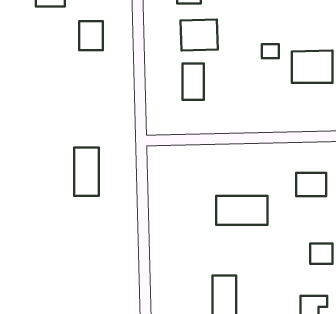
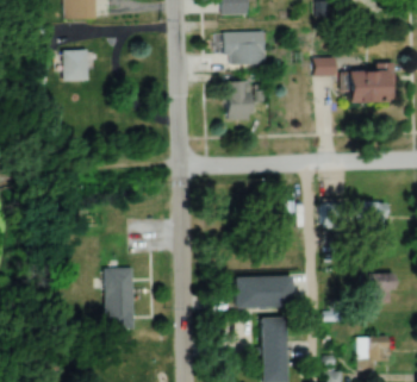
building: [79,21,103,50] -> [63,51,89,83]
building: [74,148,99,196] -> [106,268,133,321]
building: [216,196,268,225] -> [235,276,292,308]

